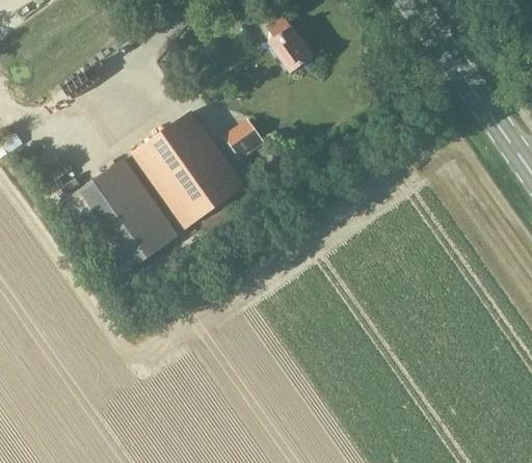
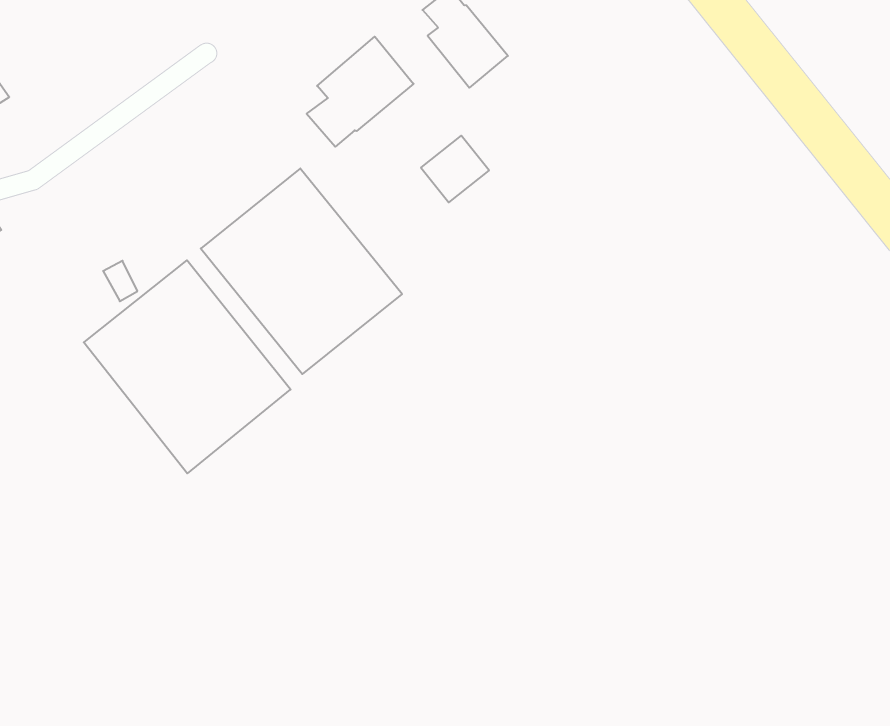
building: none -> [307,37,414,147]
building: [225,120,264,158] -> [421,136,489,202]

